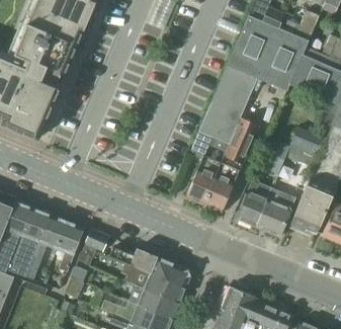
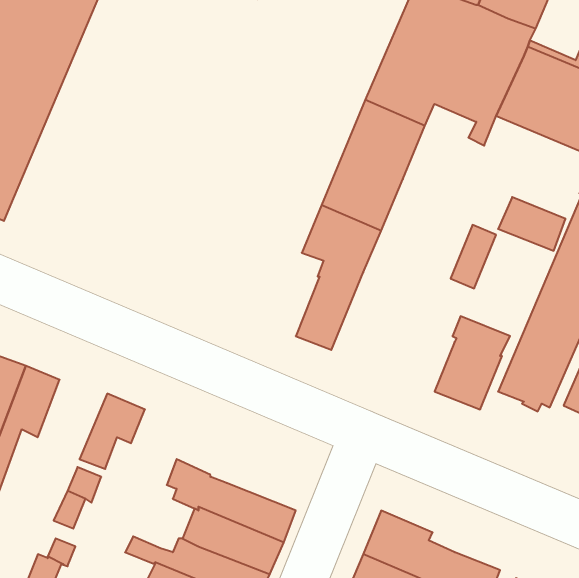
building: [204,117,257,212] -> none
building: [238,180,270,226] -> none
building: [55,220,84,271] -> none
building: [109,246,191,286] -> none

